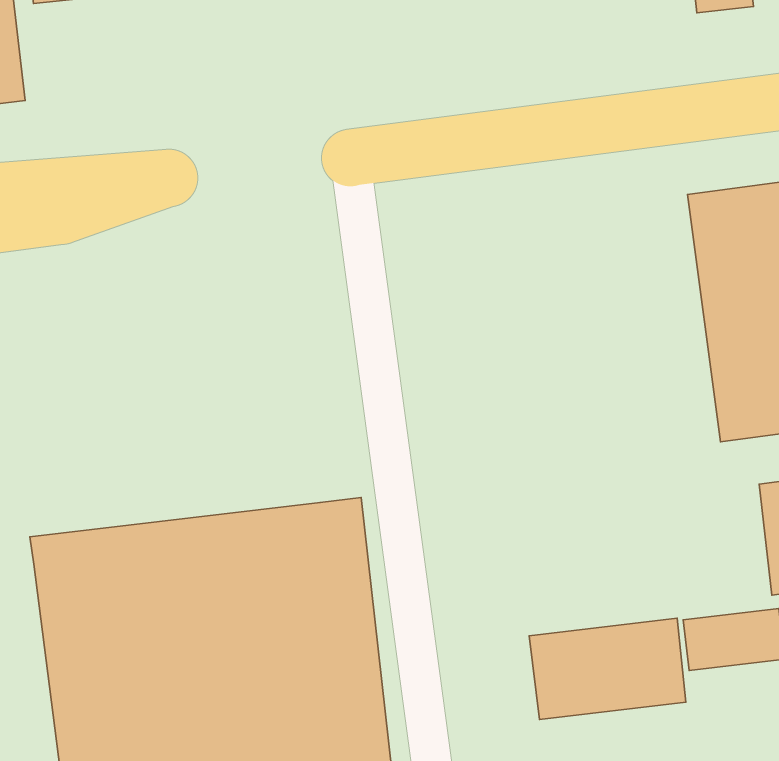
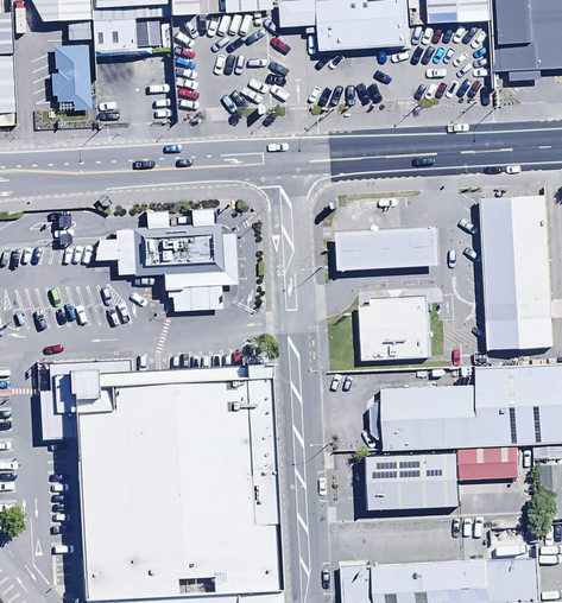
building: none -> [336,227,436,271]
building: none -> [93,227,232,310]
building: none -> [360,293,431,358]
building: none -> [383,372,511,450]

